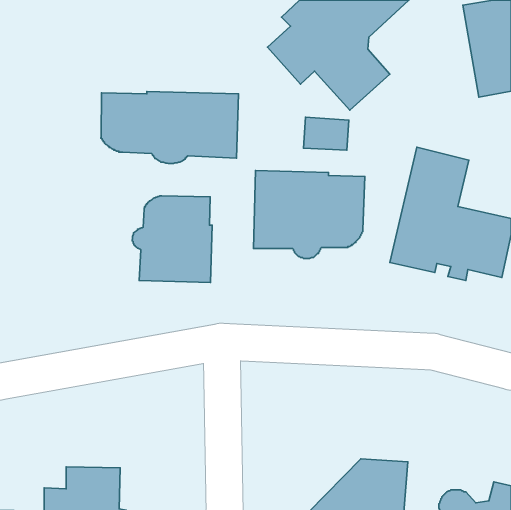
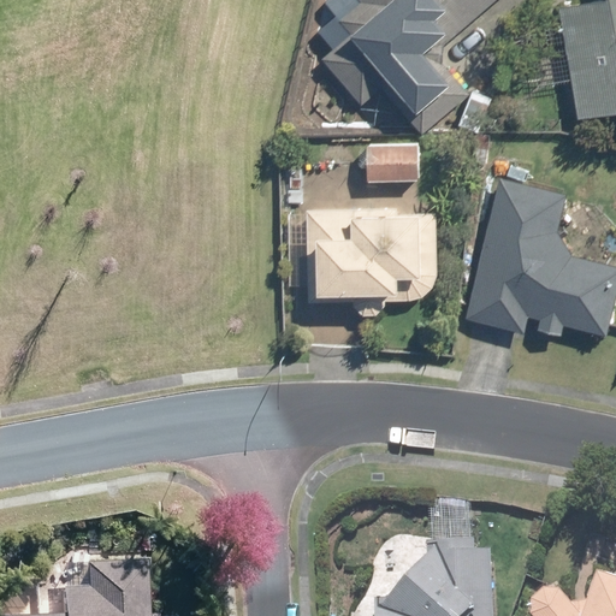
building: [101,91,239,164] -> none
building: [132,196,212,282] -> none

